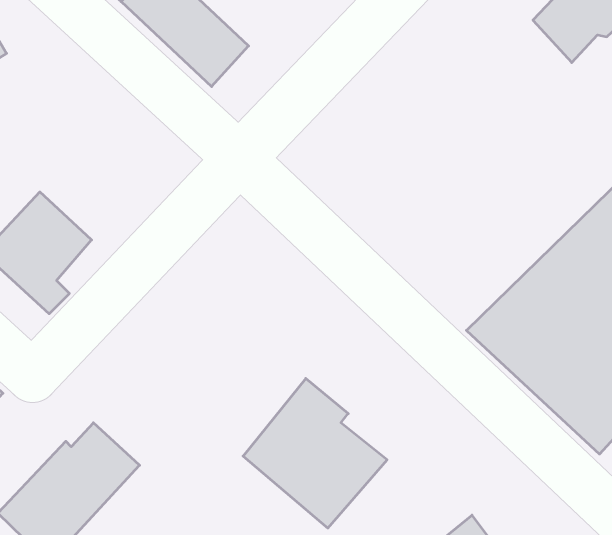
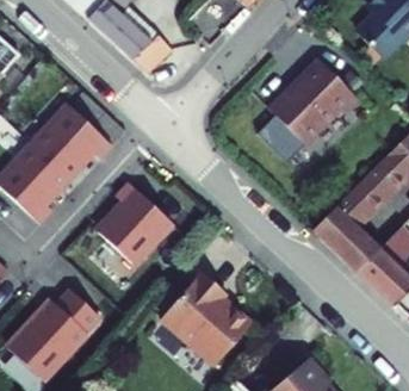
building: none -> [264,61,358,147]
building: none -> [35,104,113,174]
building: none -> [99,180,173,261]

